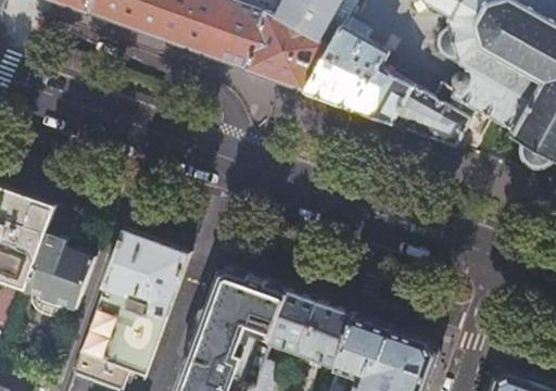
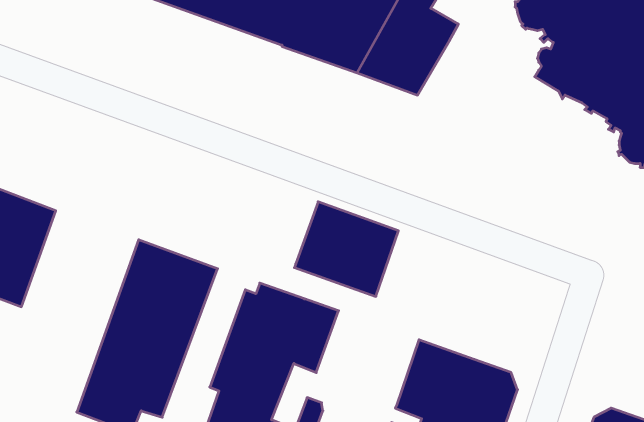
building: [355,66,475,146] -> none
building: [22,206,94,313] -> none
building: [270,289,356,367] -> [294,202,398,296]

